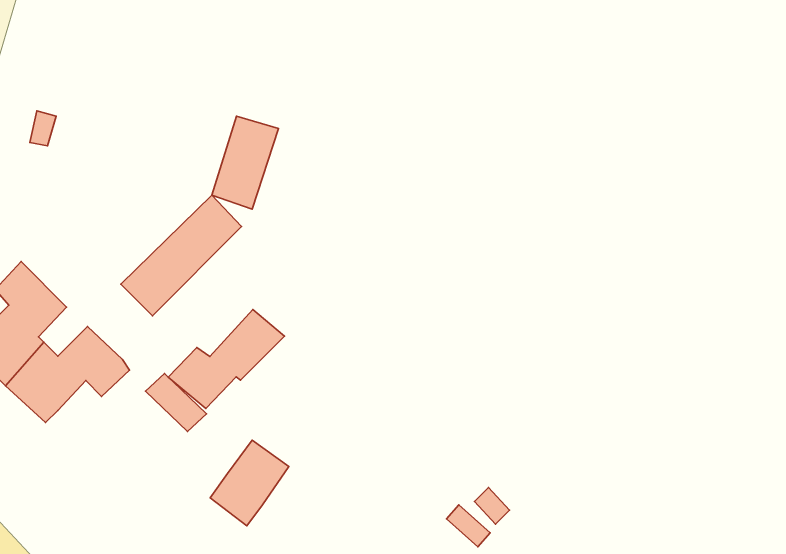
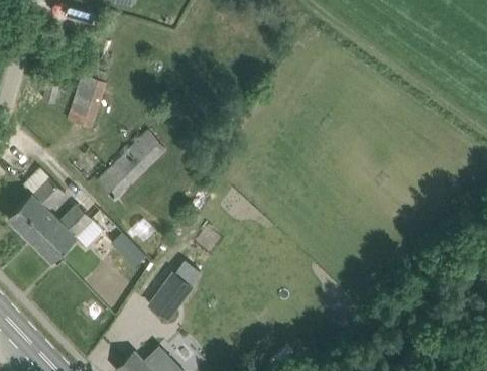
building: [212,116,278,209] -> [68,76,106,129]
building: [168,310,285,408] -> none

